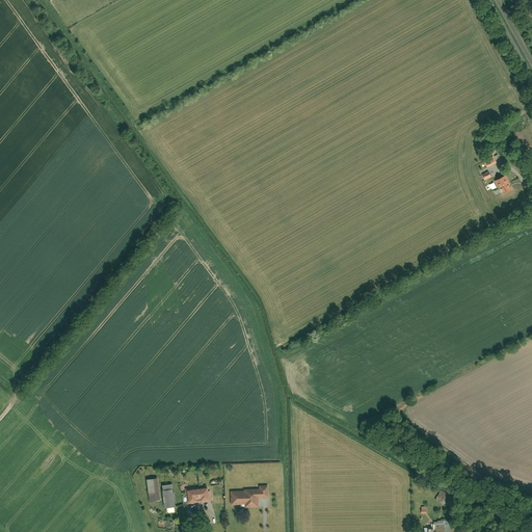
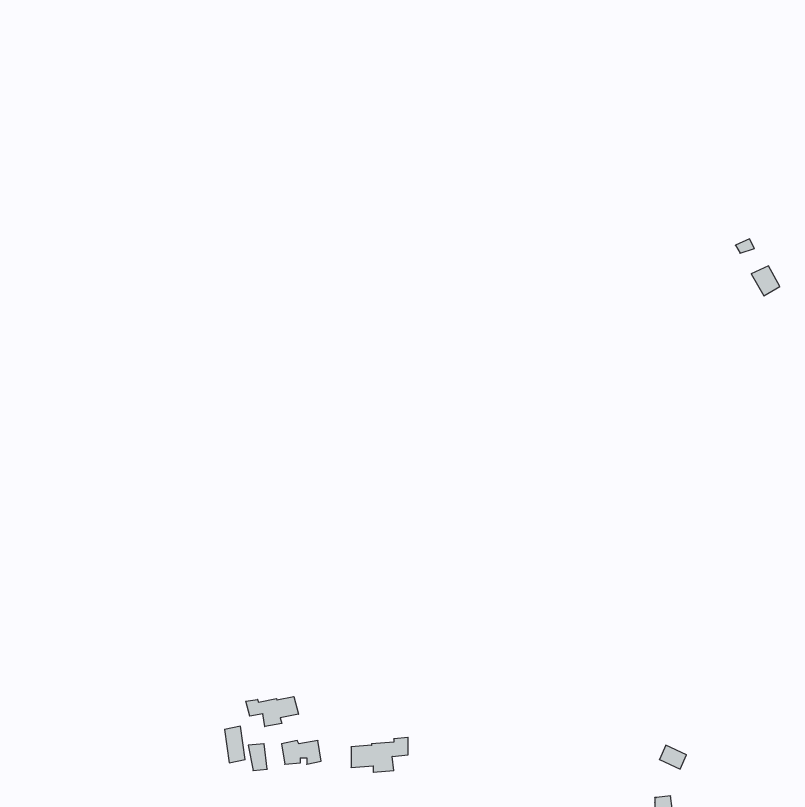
building: none -> [246,697,298,727]

